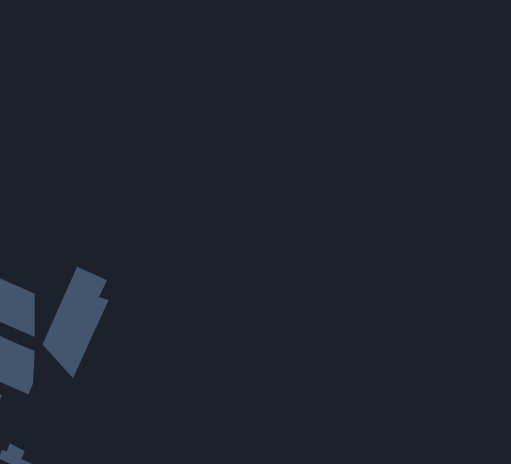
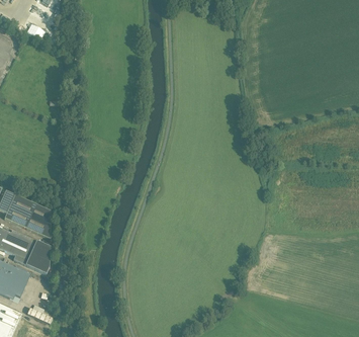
building: [42,266,109,379] -> none

